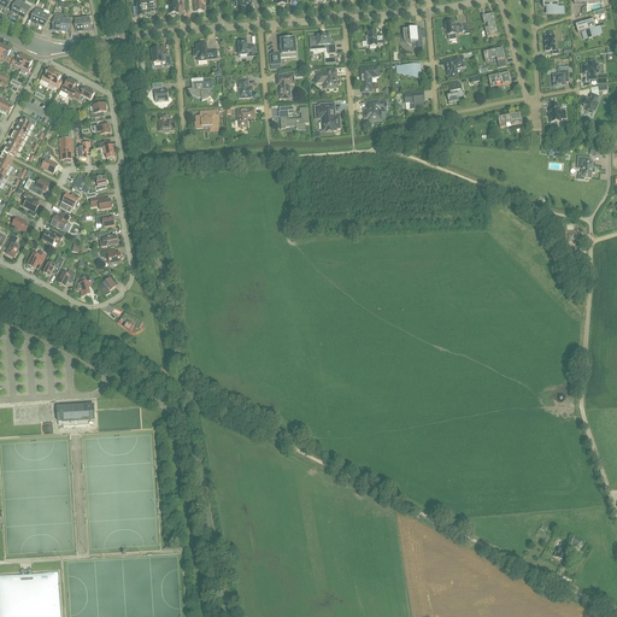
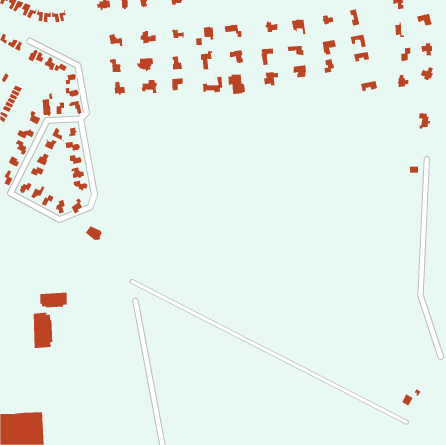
building: none -> [33,312,53,349]

